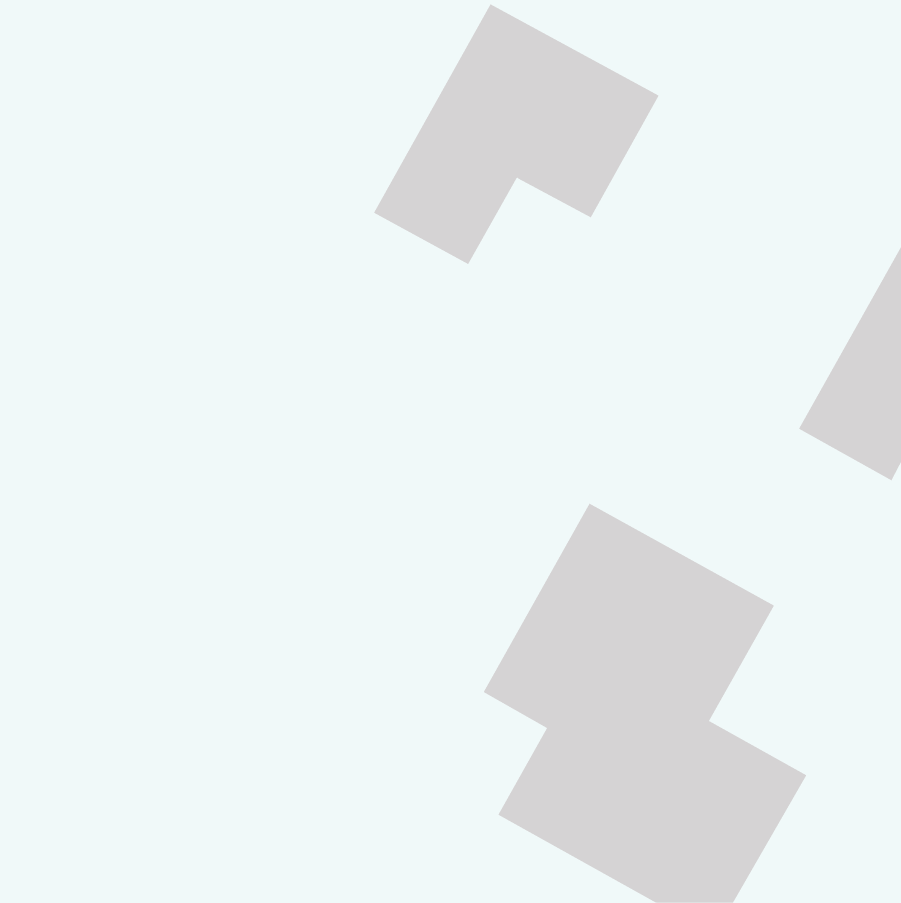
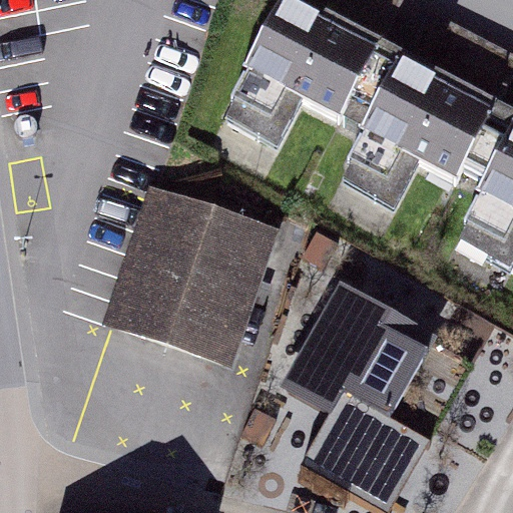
building: none -> [330,56,488,202]
building: none -> [127,191,273,347]

